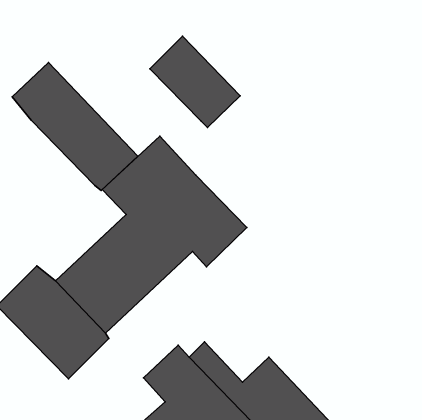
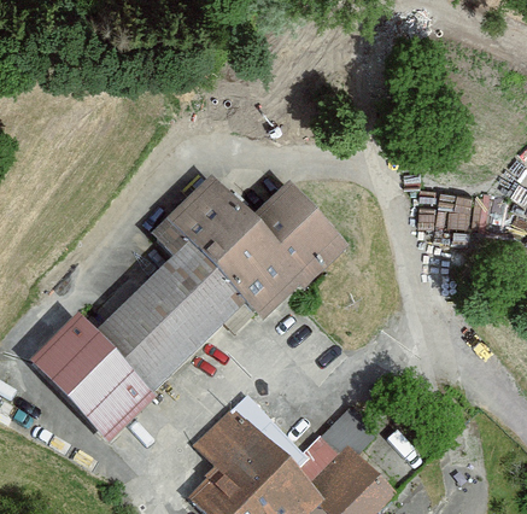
building: [150,36,240,128] -> [250,181,350,282]
building: [12,63,138,190] -> none

